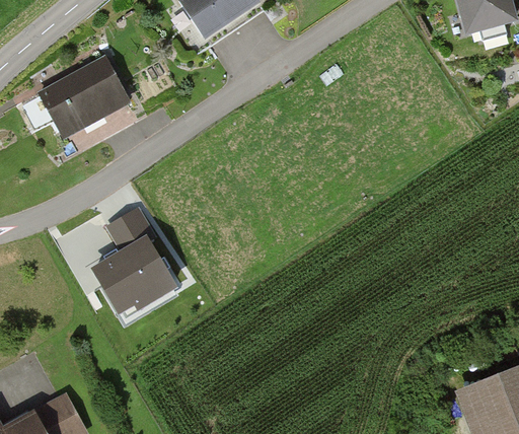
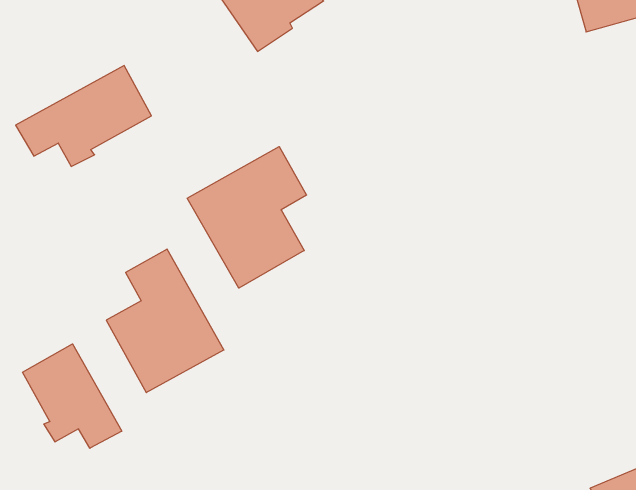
building: none -> [187,147,307,288]
building: none -> [23,344,122,448]

